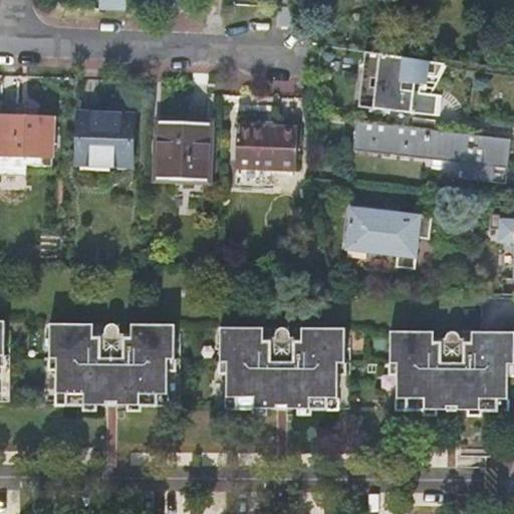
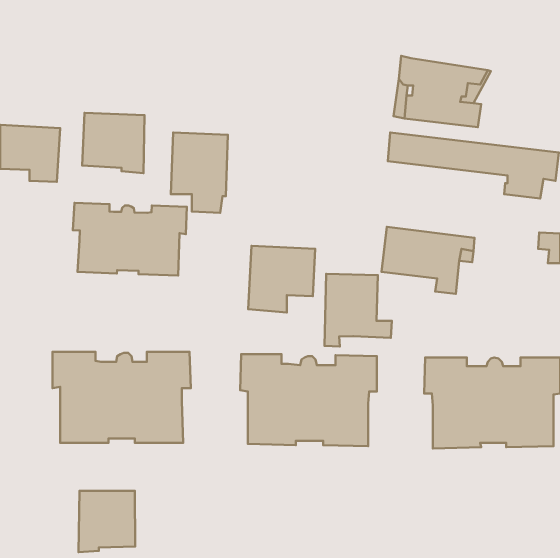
building: [235,124,296,186] -> [248,246,315,313]
building: none -> [73,203,187,276]
building: none -> [325,274,392,346]
building: none -> [79,491,135,552]

